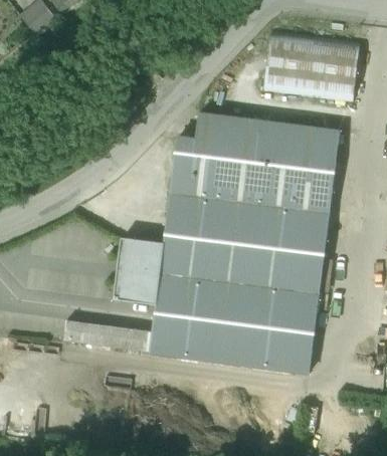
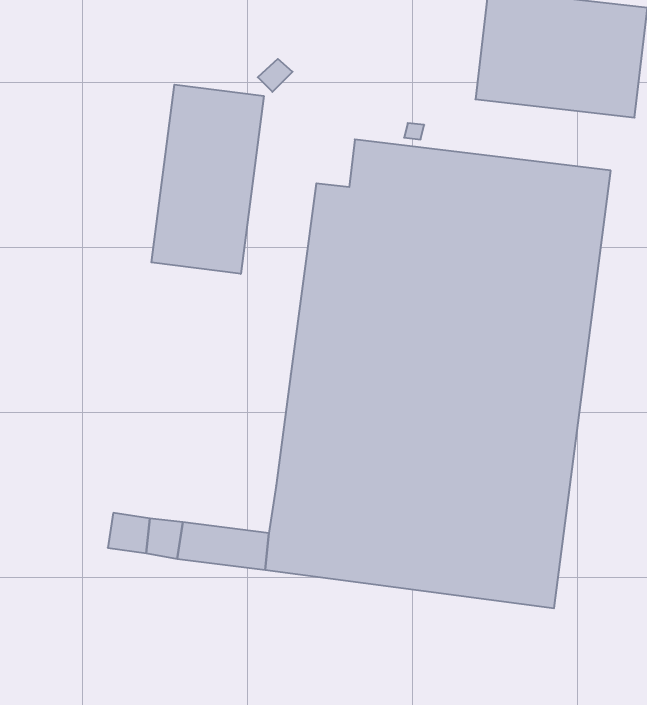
building: none -> [151,85,264,274]
building: [114,237,164,304] -> none

